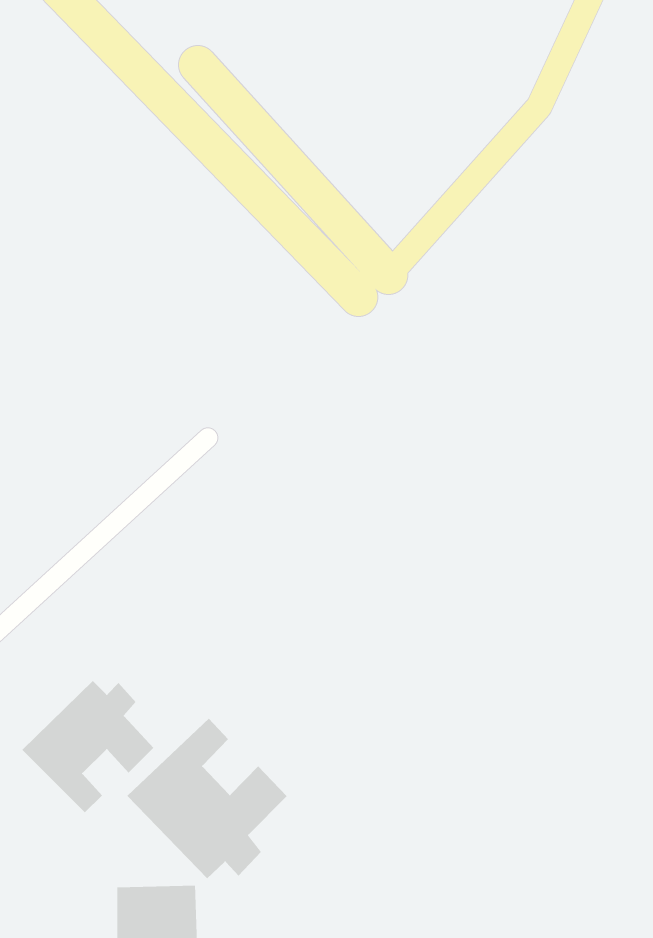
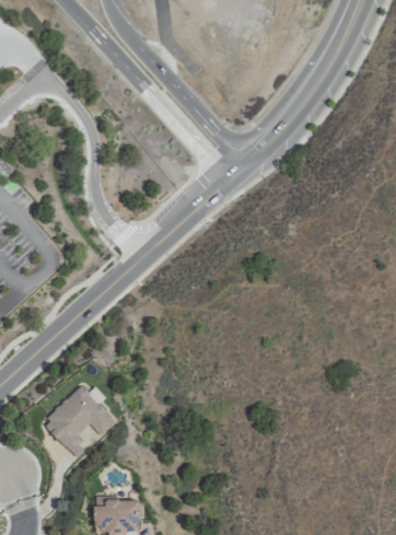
building: [126,718,287,879] -> none

